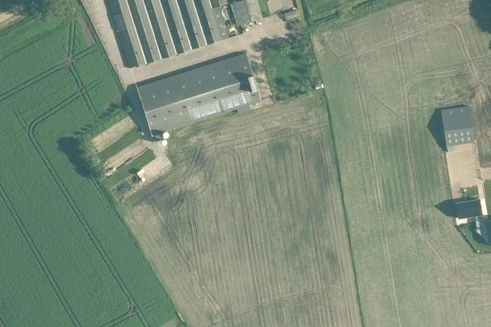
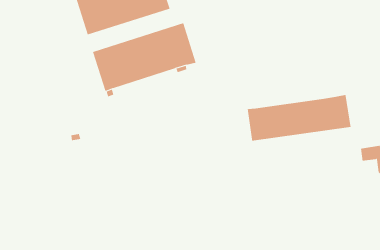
building: [441,105,474,144] -> none
building: none -> [247,94,351,142]

